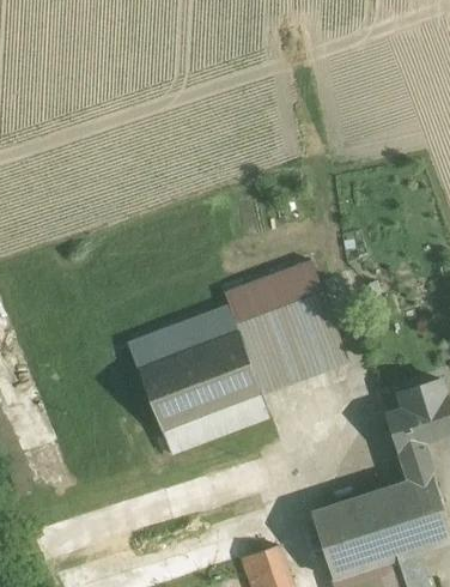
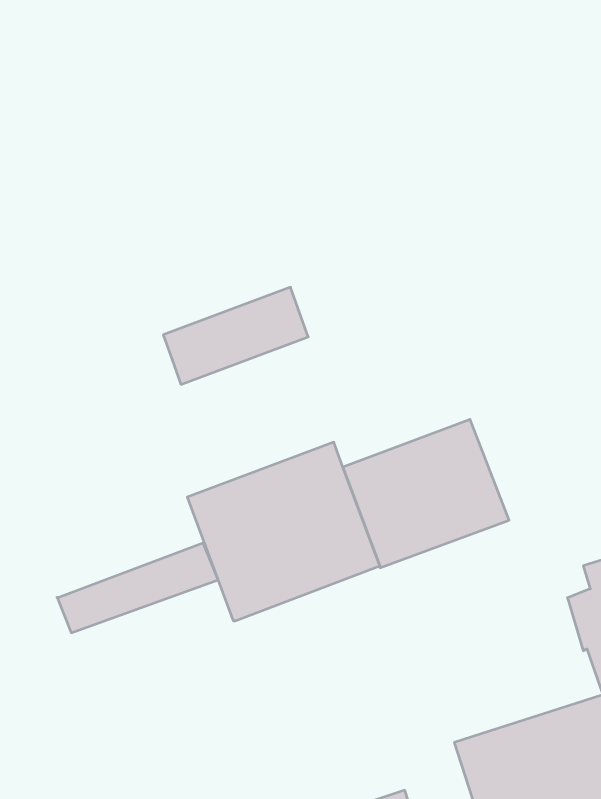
building: [223,260,321,326] -> [163,287,308,384]
building: [160,393,269,454] -> [57,543,218,633]

